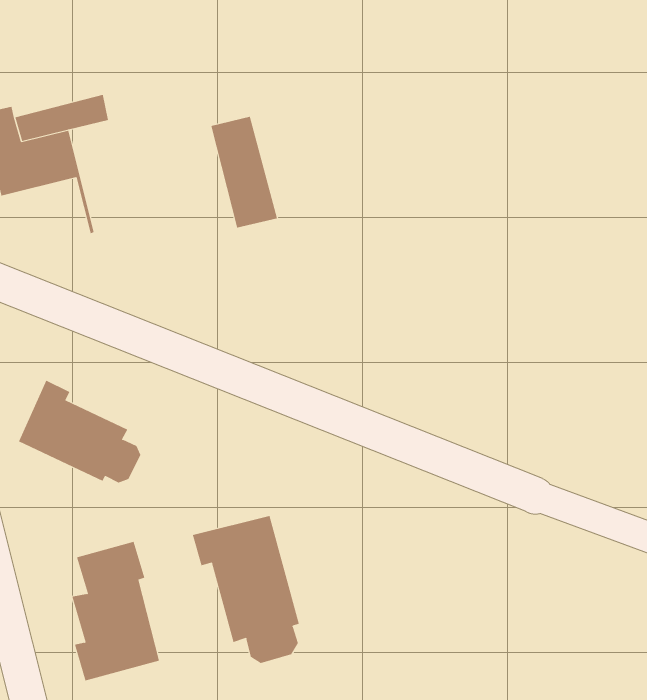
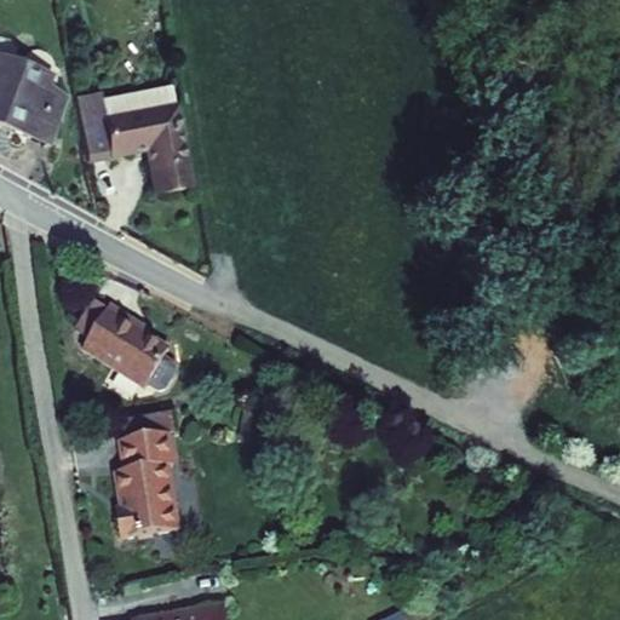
building: [211,116,278,228] -> [143,104,189,190]
building: [192,515,299,664] -> none

